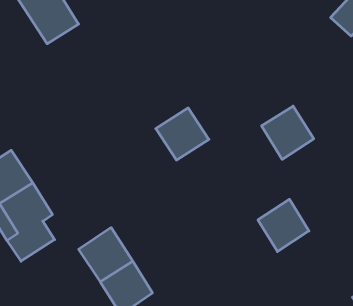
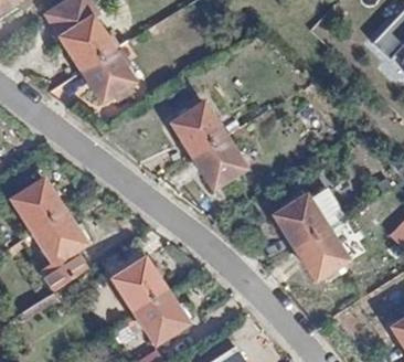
building: none -> [82,50,135,102]
building: none -> [171,103,225,156]
building: [262,106,314,159] -> [275,194,328,248]

